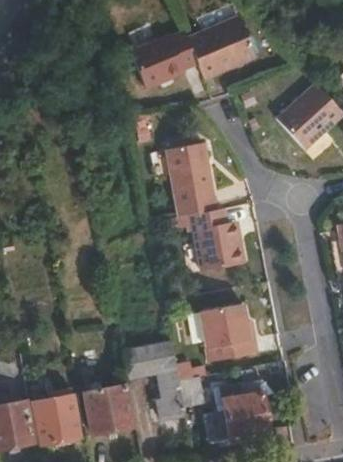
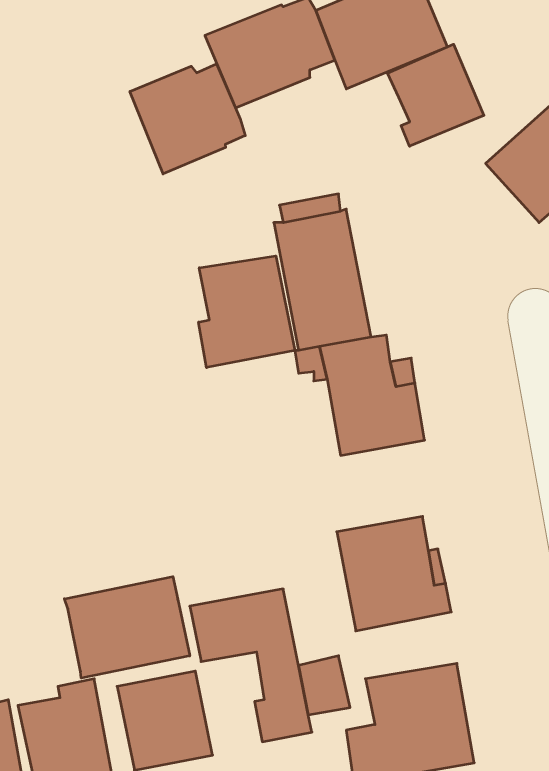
building: none -> [388,44,484,146]
building: none -> [130,64,245,174]
building: none -> [199,256,295,368]
building: none -> [64,577,190,678]

